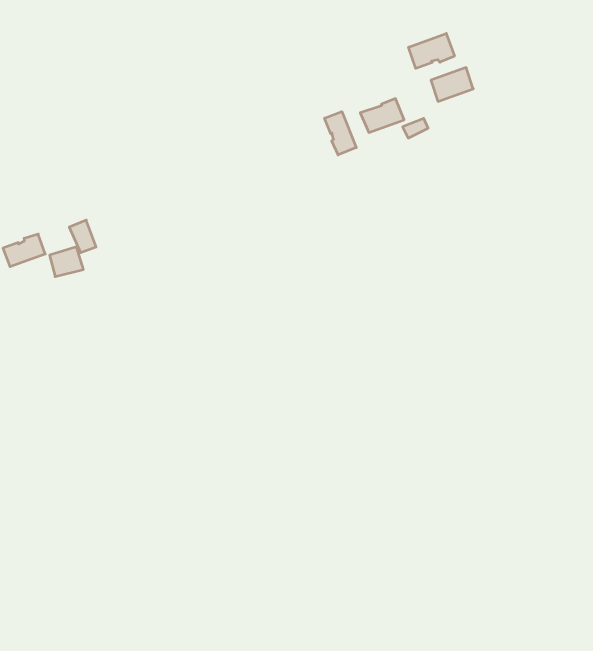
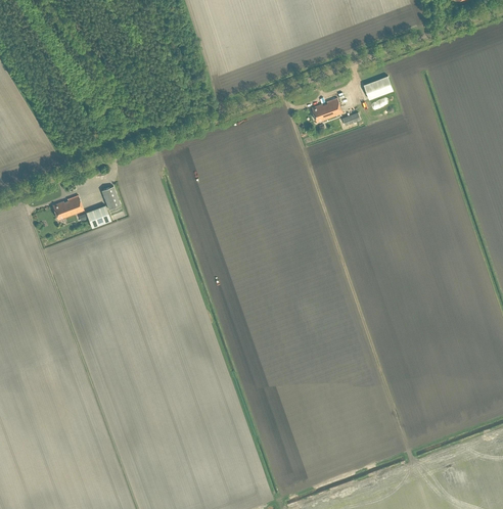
building: [409,33,454,68] -> none
building: [325,112,356,155] -> none

